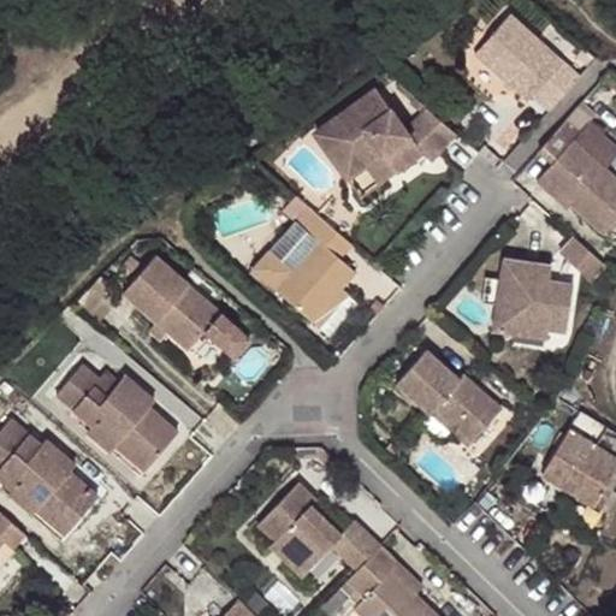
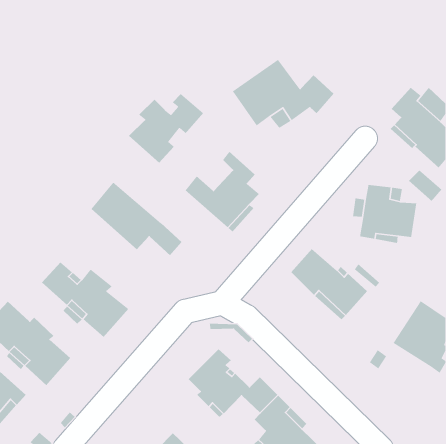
building: [474,18,578,114] -> none
building: none -> [128,93,204,164]

